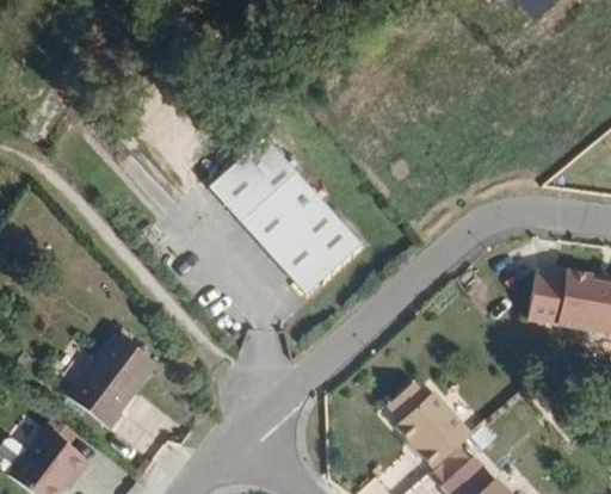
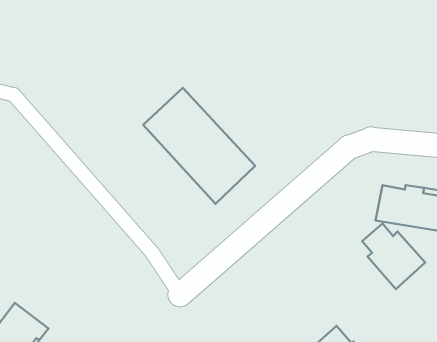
building: [62,333,152,431] -> none
building: [388,382,473,470] -> [362,224,425,289]

